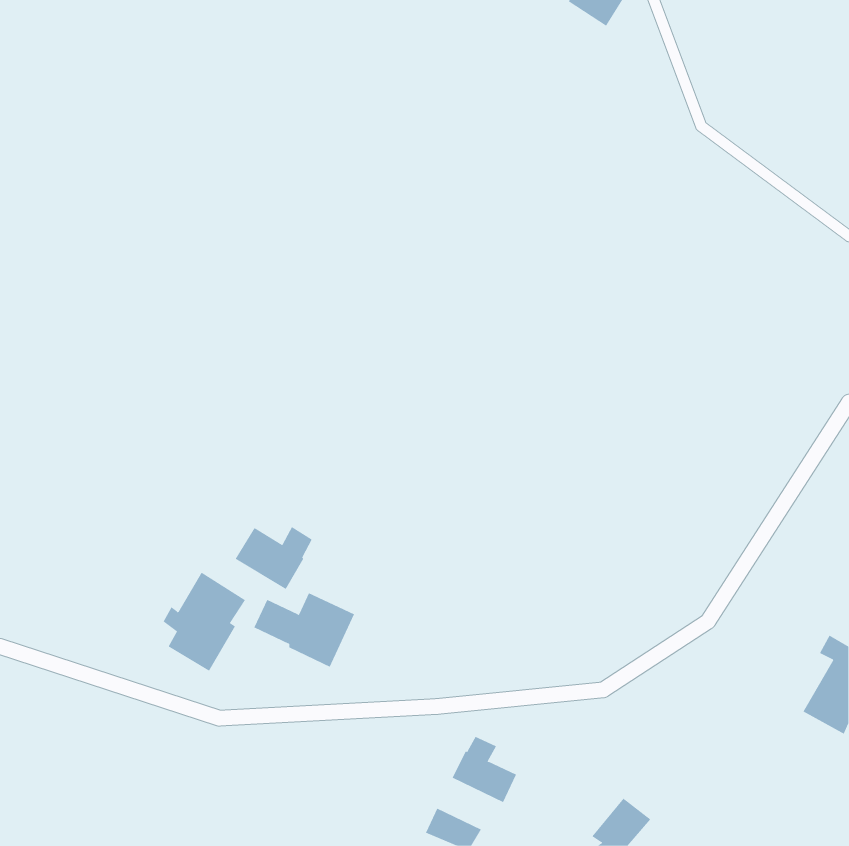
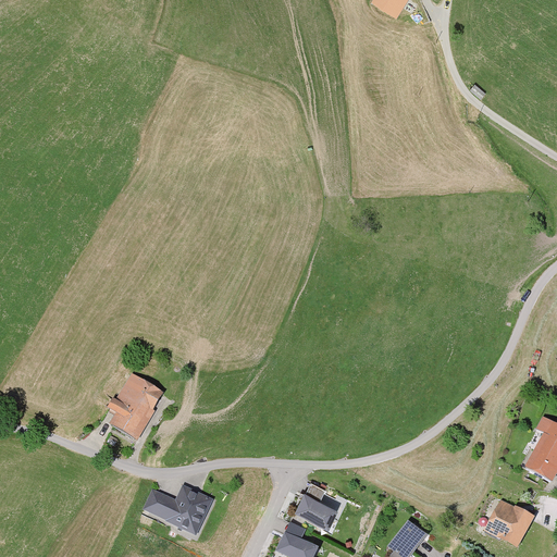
building: [235,526,313,590] -> none
building: [254,593,355,667] -> [146,485,212,534]
building: none -> [484,498,534,547]

